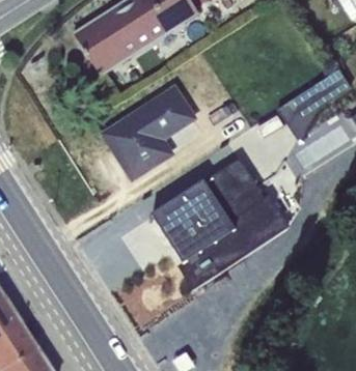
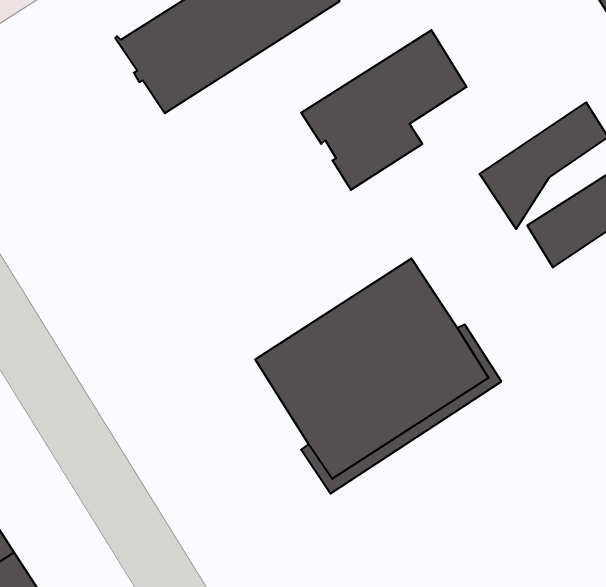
building: [105,85,198,175] -> [301,30,467,190]

